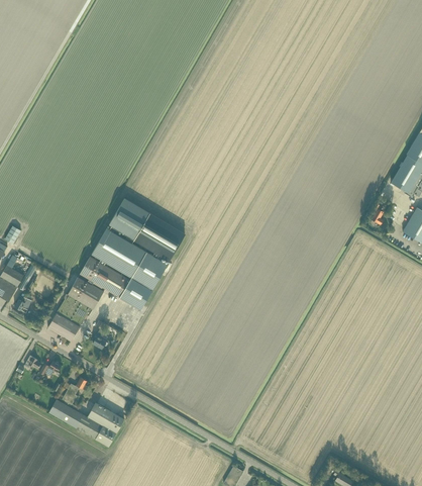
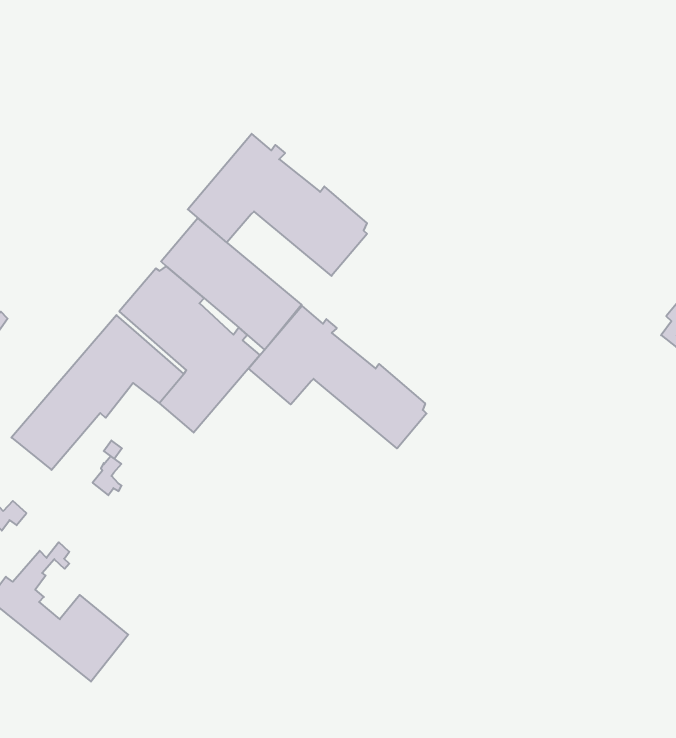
building: none -> [188,134,367,276]
building: none -> [249,306,427,448]

